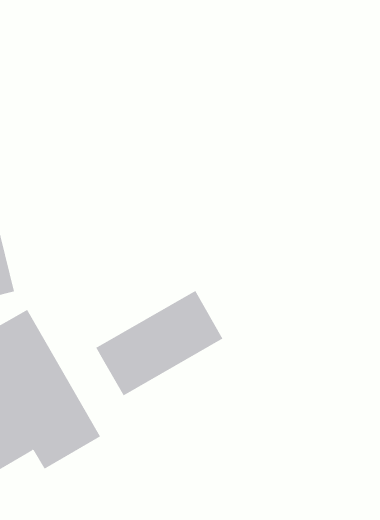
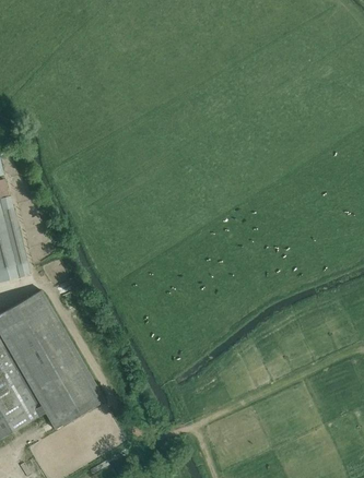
building: [95,290,223,396] -> none

